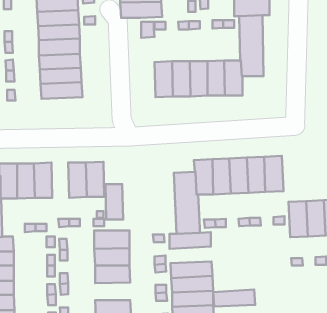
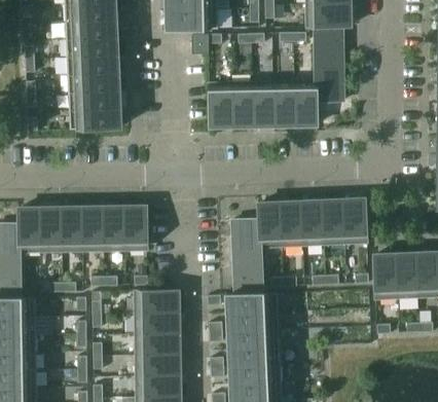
building: [105,184,123,219] -> [82,207,104,250]
building: none -> [136,354,179,375]
building: [213,290,255,306] -> [227,309,279,330]

